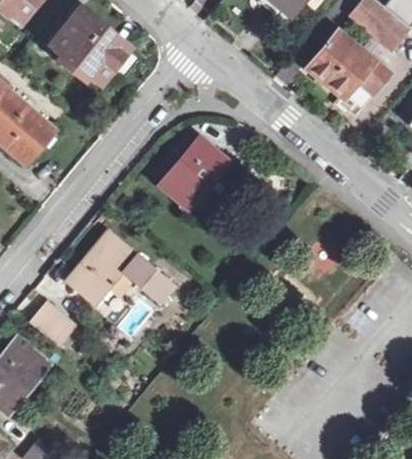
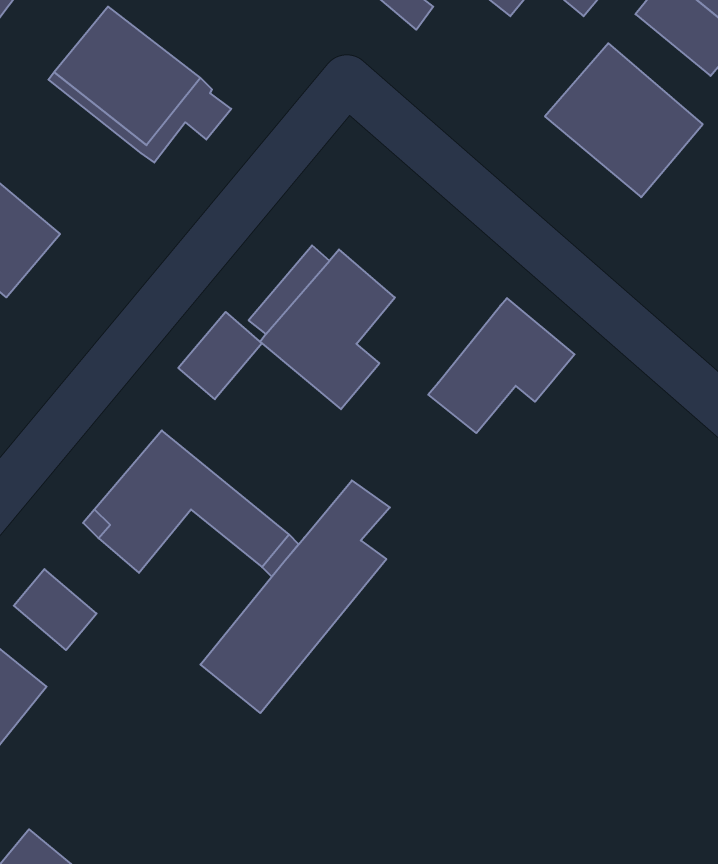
building: none -> [428,298,575,433]
building: none -> [178,312,262,399]
building: none -> [200,480,390,713]

